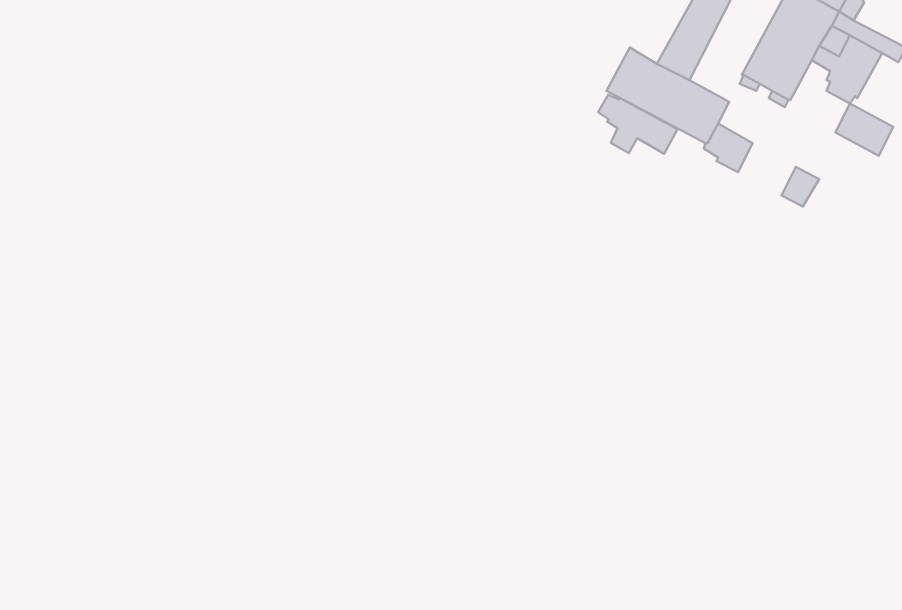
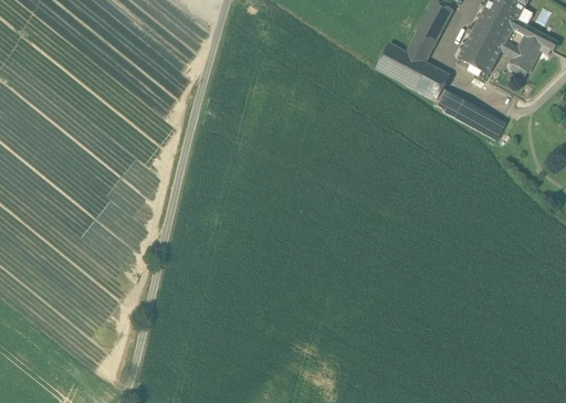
building: [598,95,677,154] -> none
building: [835,104,893,156] -> [455,99,491,131]

